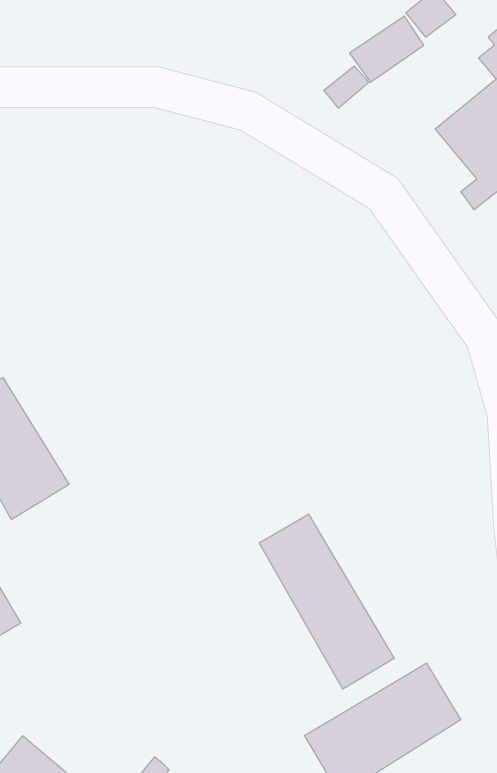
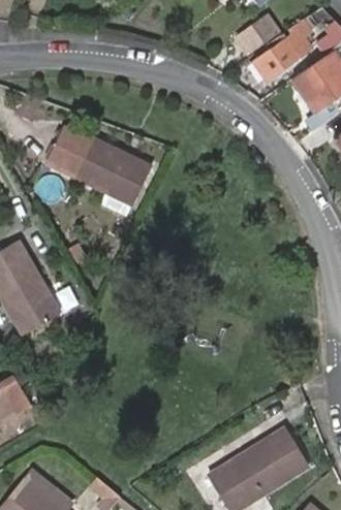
building: none -> [258,18,316,78]
building: none -> [47,130,153,208]
building: [259,514,394,689] -> none

